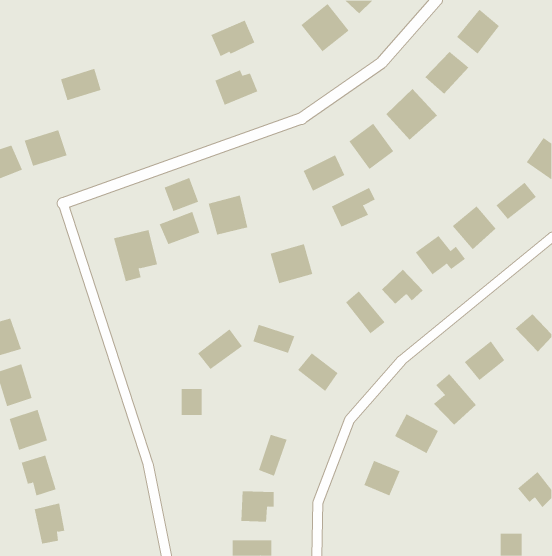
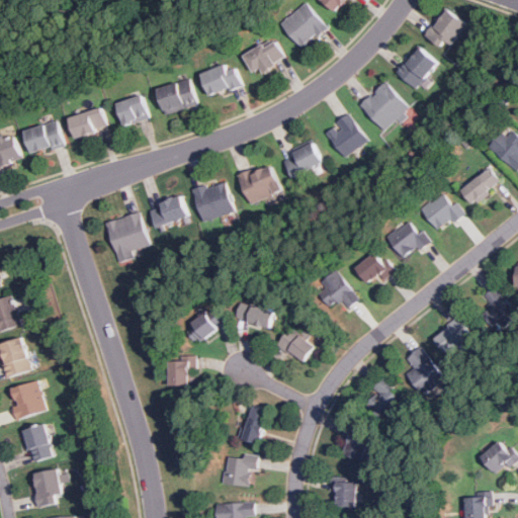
building: [210,20,255,57] -> [242,39,283,74]
building: [60,68,102,101] -> [67,108,105,139]
building: none -> [156,79,195,114]
building: none -> [115,95,148,126]
building: [164,177,199,212] -> none
building: [331,187,376,228] -> none
building: [270,244,313,284] -> [238,165,278,202]
building: none -> [329,479,355,506]

